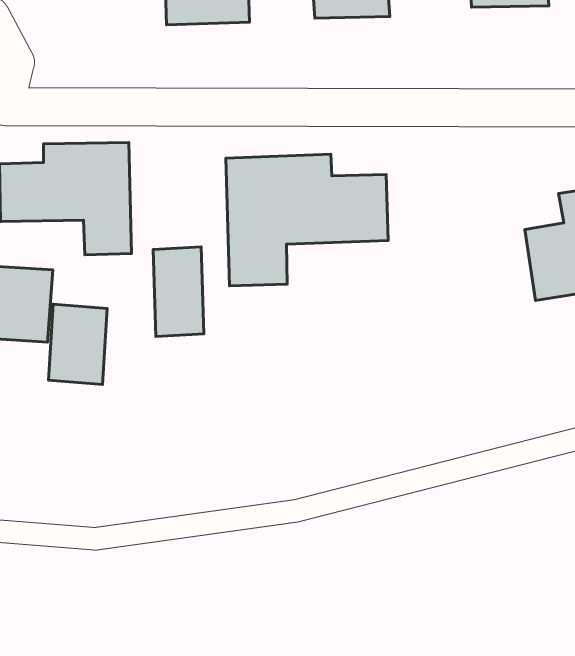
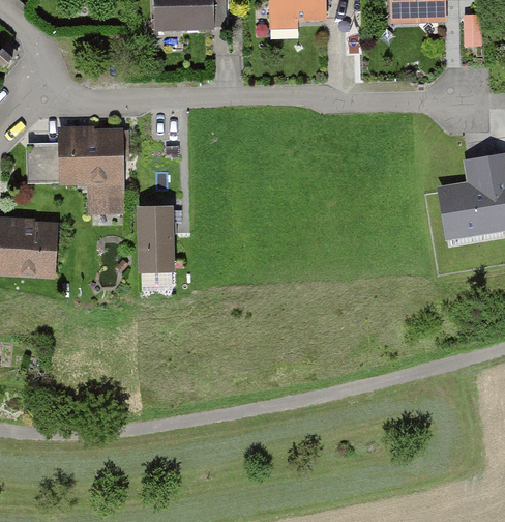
building: [226,154,388,286] -> none
building: [49,304,107,384] -> none

